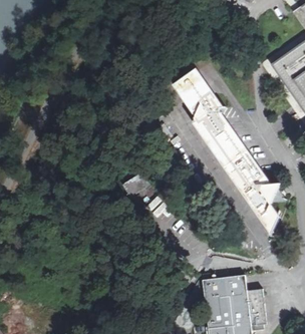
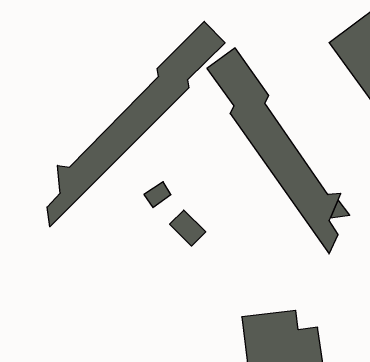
building: none -> [47,21,225,227]

